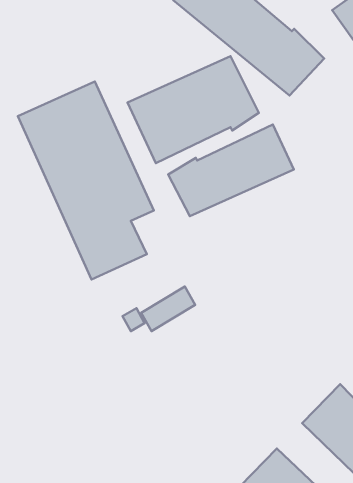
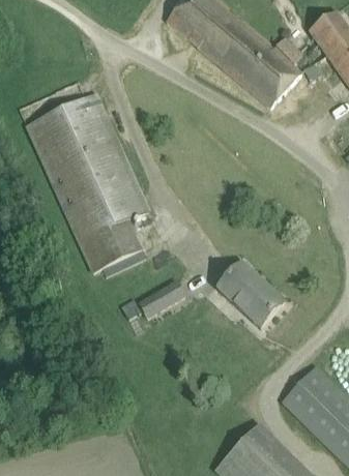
building: [128,56,259,163] -> none
building: [168,125,294,216] -> none
building: none -> [217,262,284,327]

